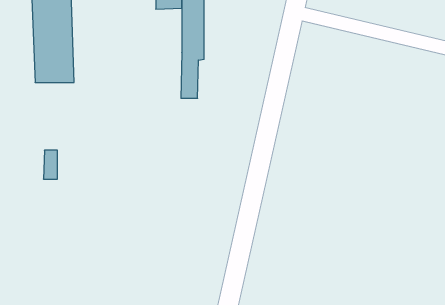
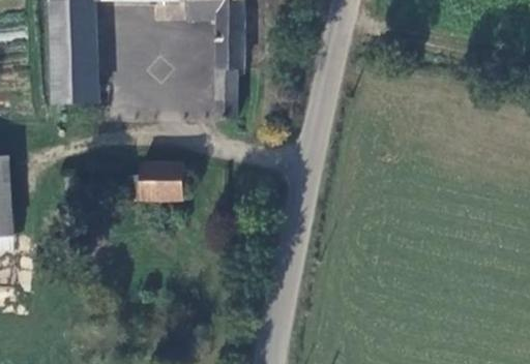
building: none -> [128,162,183,200]

